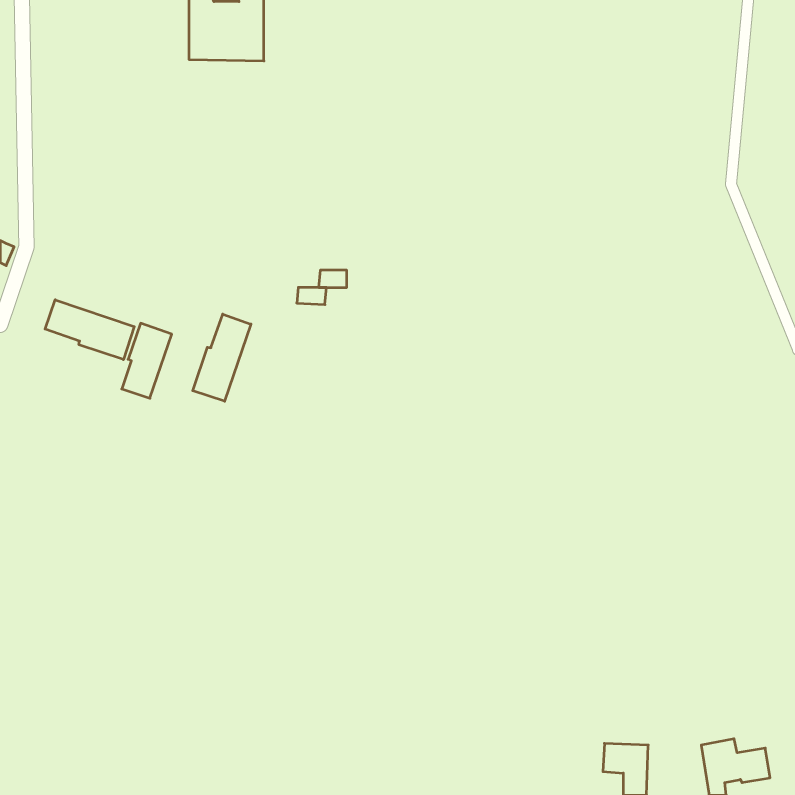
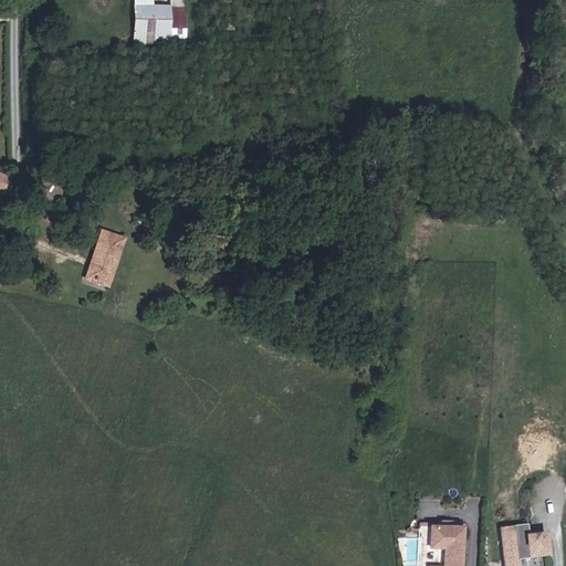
building: [45,300,134,360] -> none
building: [193,314,251,401] -> none

